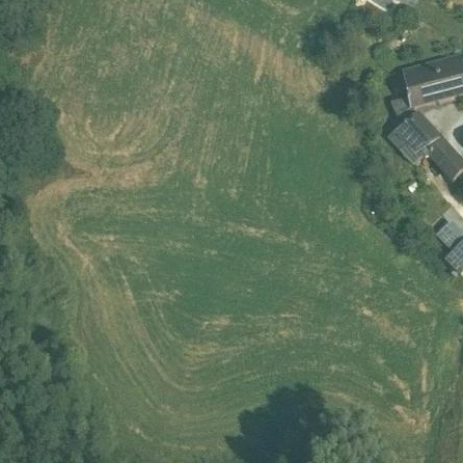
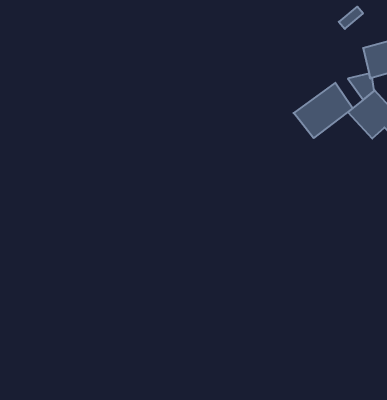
building: none -> [293,83,353,138]

